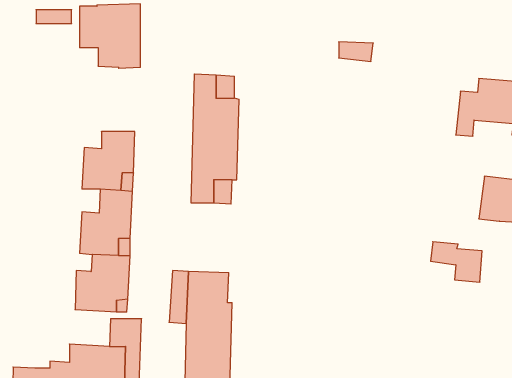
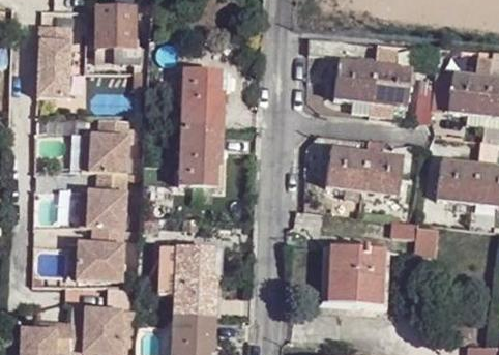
building: none -> [33,24,68,93]
building: none -> [336,61,412,114]
building: none -> [327,148,404,194]
building: none -> [325,233,384,305]

